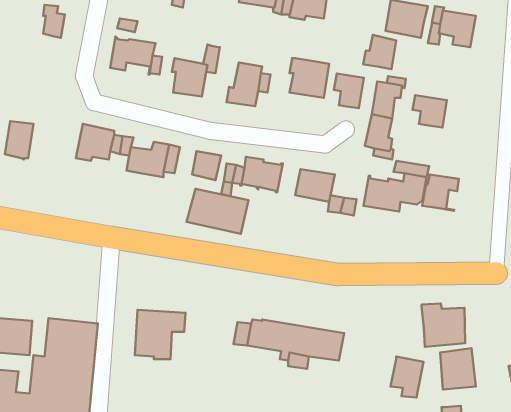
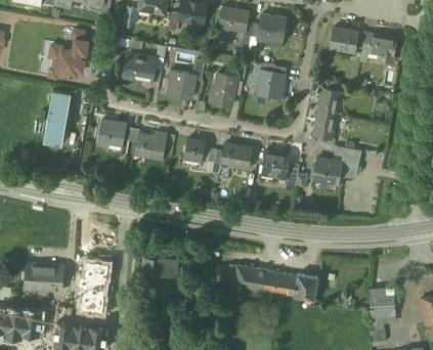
building: none -> [49,45,81,78]
building: [363,35,396,69] -> none
building: [334,74,364,108] -> none
building: none -> [48,91,70,119]
building: [412,95,447,128] -> none
building: [422,174,459,211] -> none
building: [187,189,248,234] -> none
building: [422,304,465,347] -> none
building: [391,356,423,397] -> [294,273,318,304]

